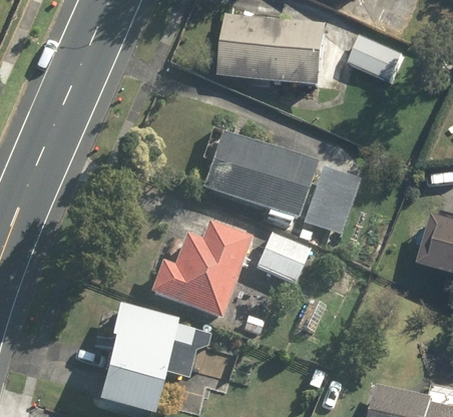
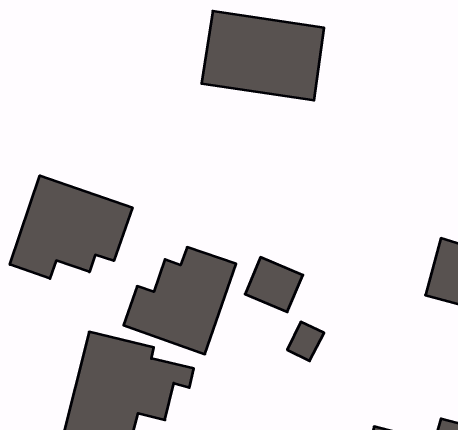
building: [349,31,408,82] -> none
building: [201,126,361,236] -> none
building: none -> [10,176,132,279]

